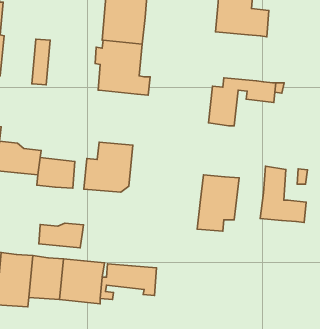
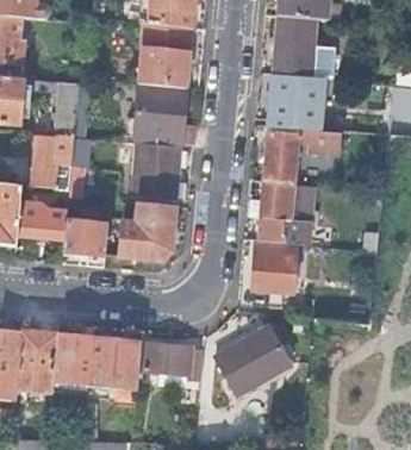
building: none -> [255,71,324,130]
building: none -> [31,133,74,188]
building: none -> [131,140,180,200]
building: [260,166,306,223] -> [257,179,311,244]
building: [39,223,83,248] -> none
building: none -> [214,325,289,394]

